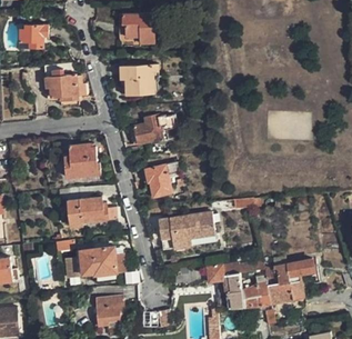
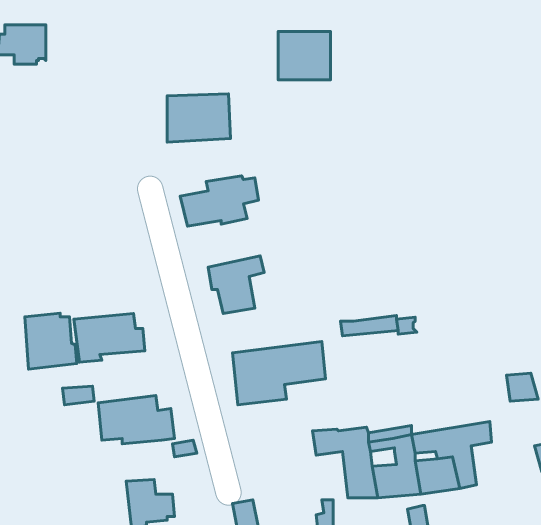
building: [122,16,153,44] -> [278,31,331,80]
building: [43,67,79,109] -> none
building: [69,144,100,178] -> [25,313,77,369]

